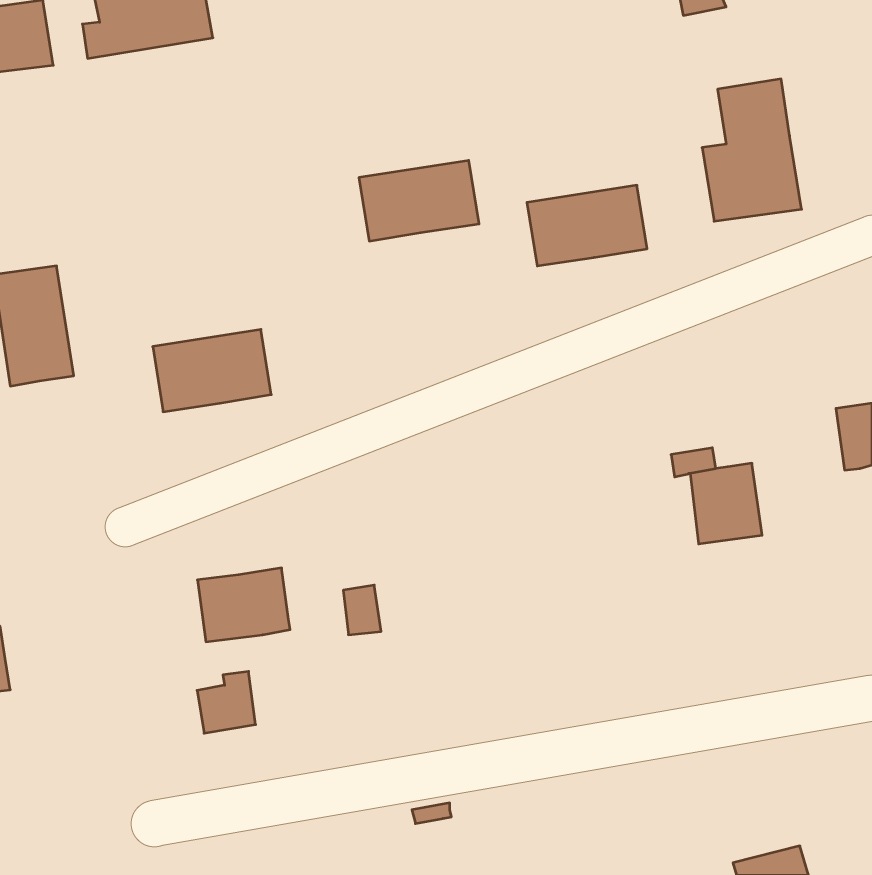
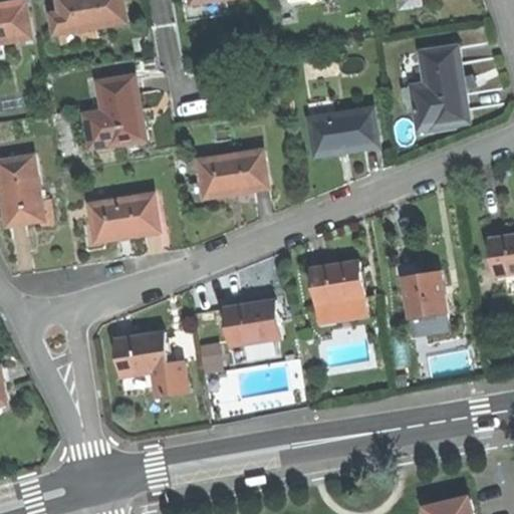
building: none -> [83,75,146,149]
building: [359,160,479,241] -> [198,151,268,198]
building: none -> [309,260,366,322]
building: none -> [224,301,279,344]
building: [197,671,256,733] -> [154,360,188,397]

